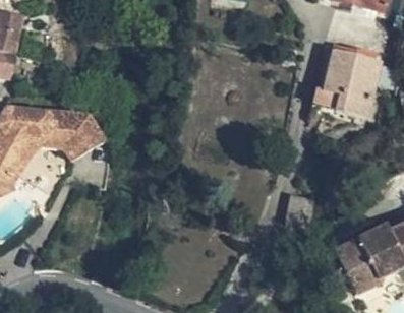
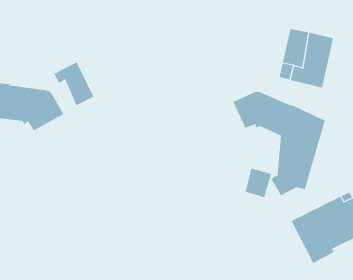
building: none -> [53,61,94,106]
building: none -> [232,91,326,196]

